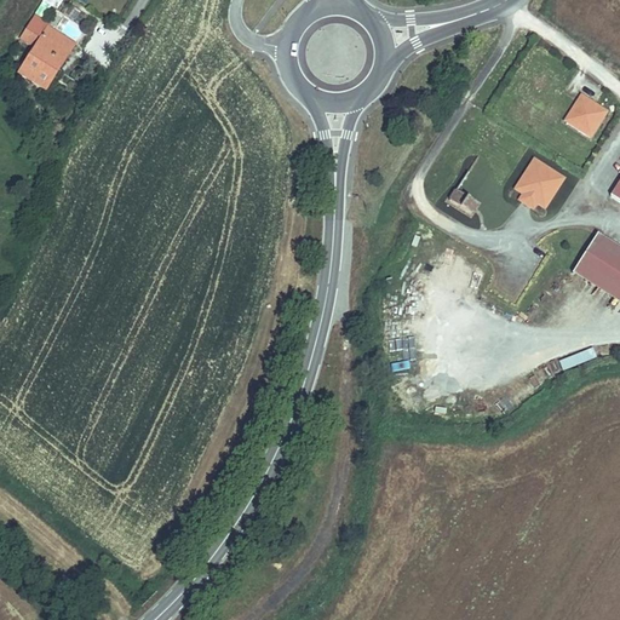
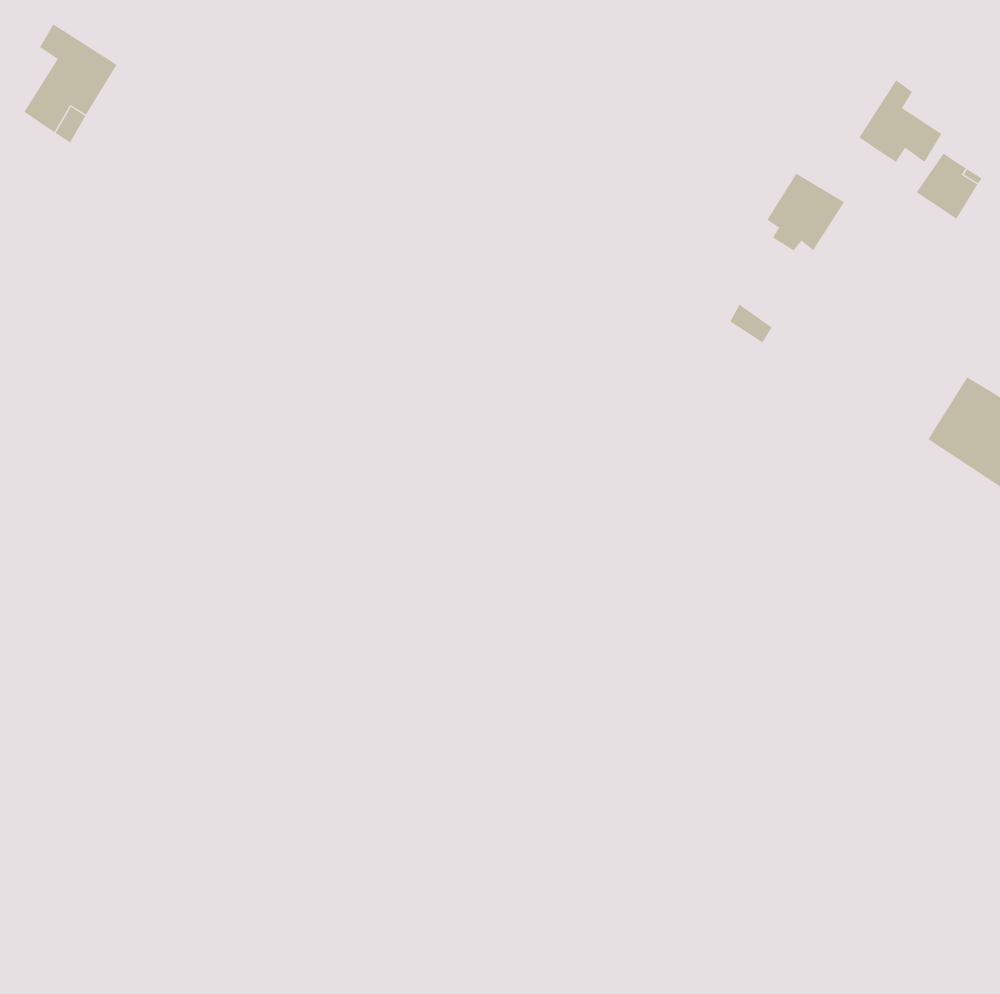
building: none -> [858,80,942,163]
building: [517,159,566,207] -> [766,173,845,251]

